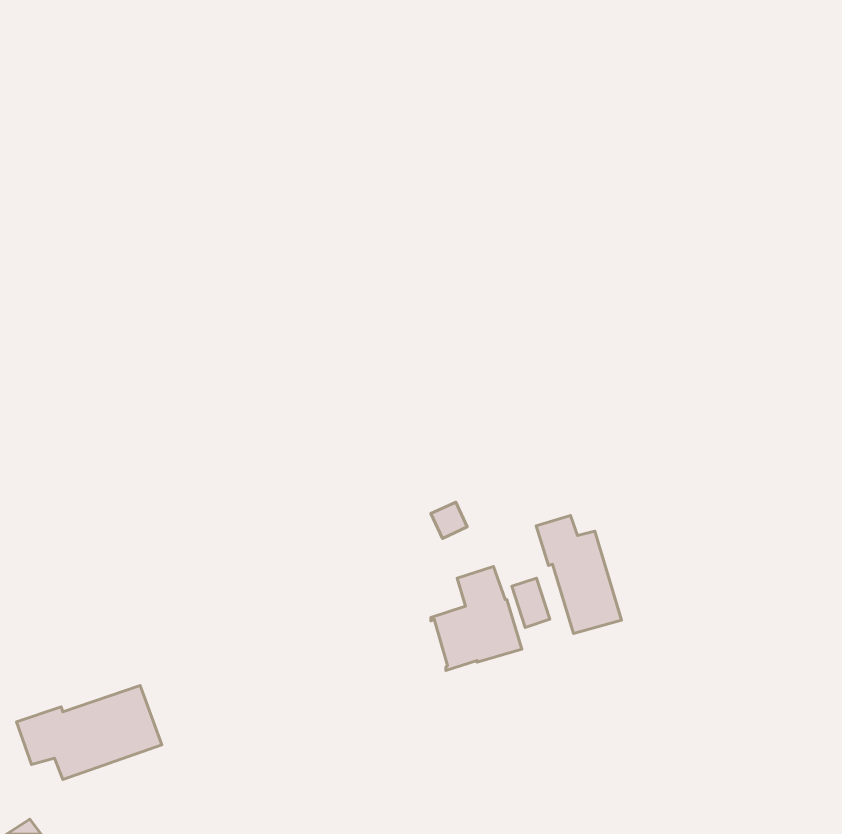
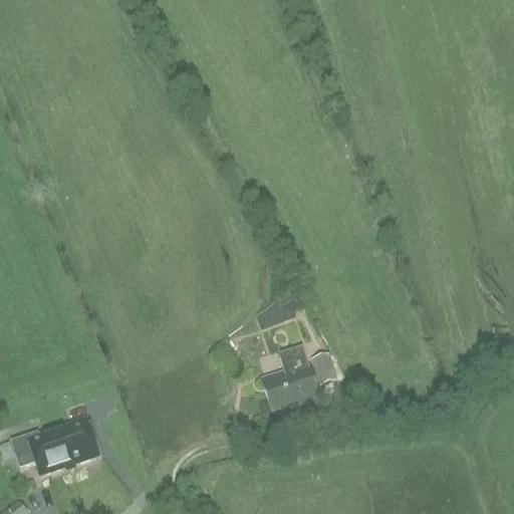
building: [536,516,621,634] -> none

